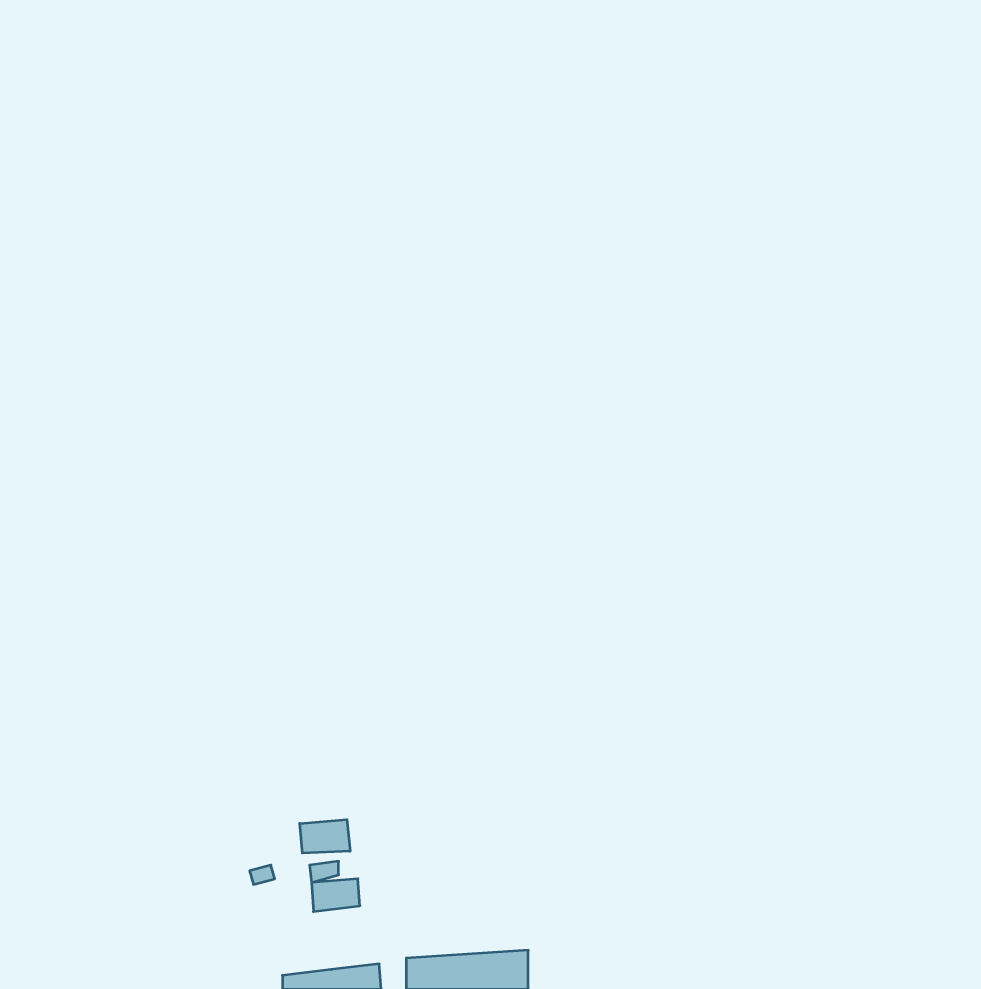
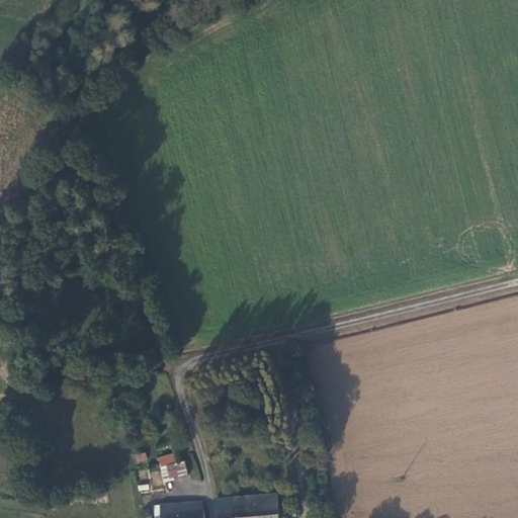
building: [300,820,350,853] -> none

